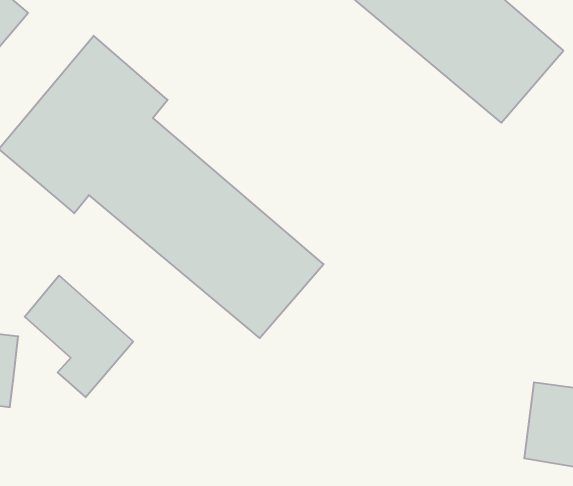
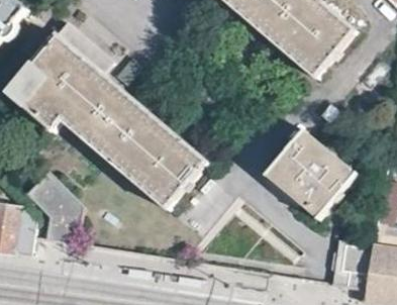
building: none -> [265,130,355,220]

